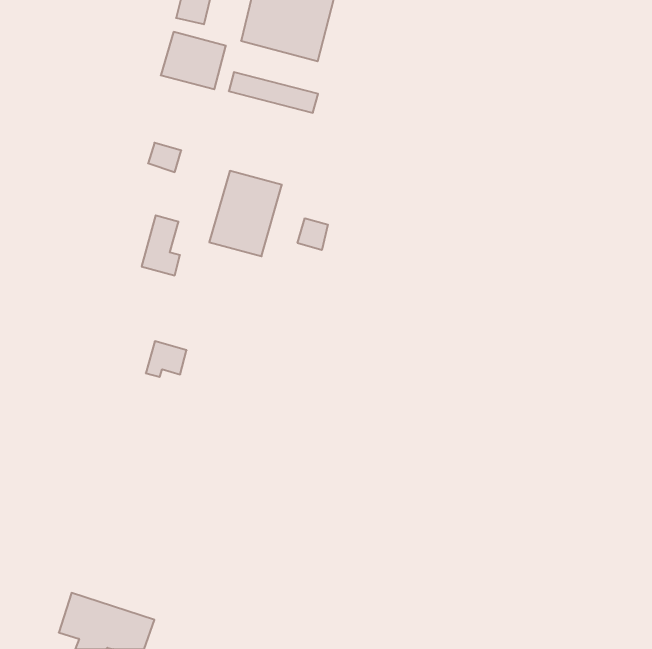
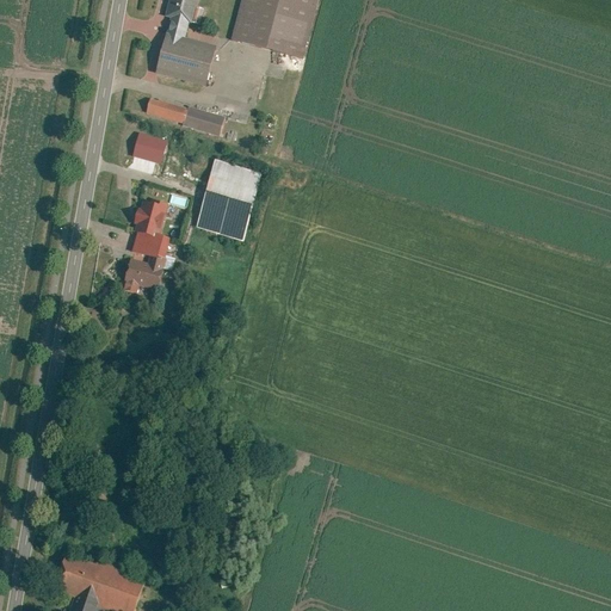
building: [229,72,318,113] -> [147,95,230,134]
building: [298,218,328,250] -> none
building: [146,341,187,377] -> [124,259,162,292]

